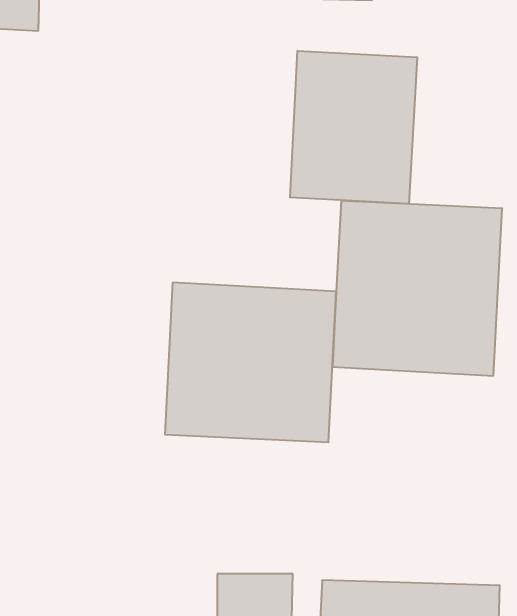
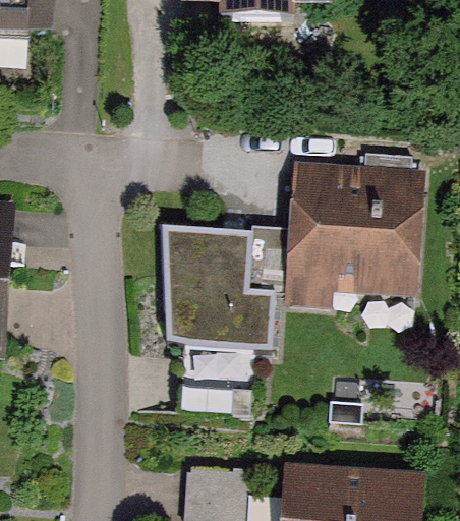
building: [290,51,417,204] -> none

